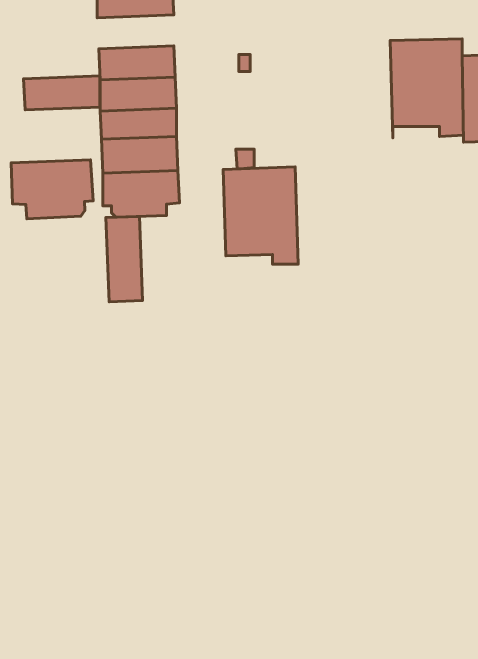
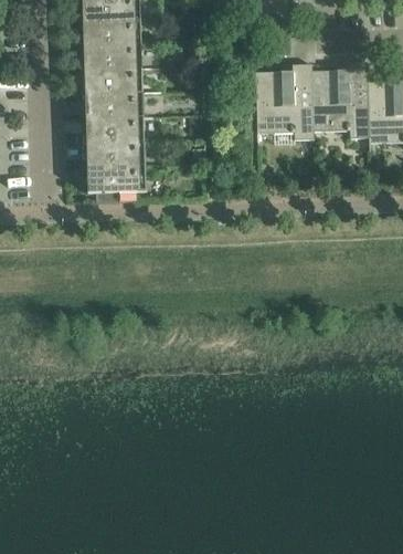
building: [24,76,100,110] -> [83,45,142,72]
building: [11,160,93,219] -> none
building: [223,167,298,264] -> [255,65,314,142]
building: [106,216,143,302] -> none

